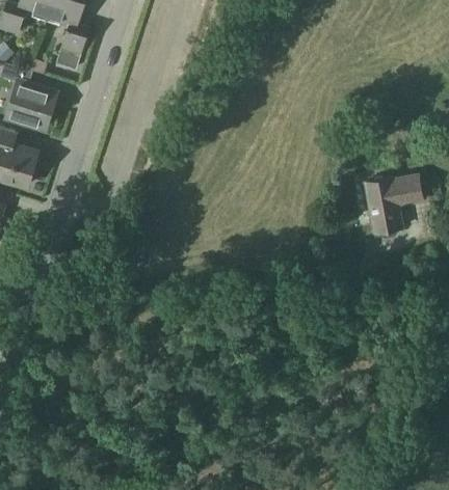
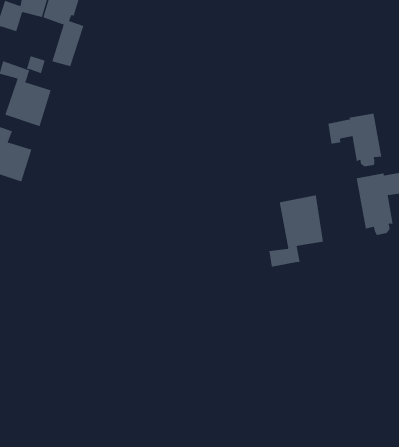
building: none -> [328,113,382,167]
building: none -> [269,195,324,267]

